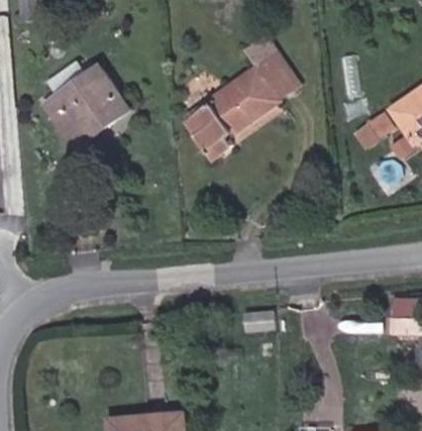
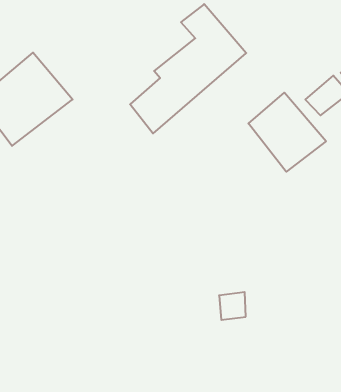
building: none -> [248,93,326,172]

